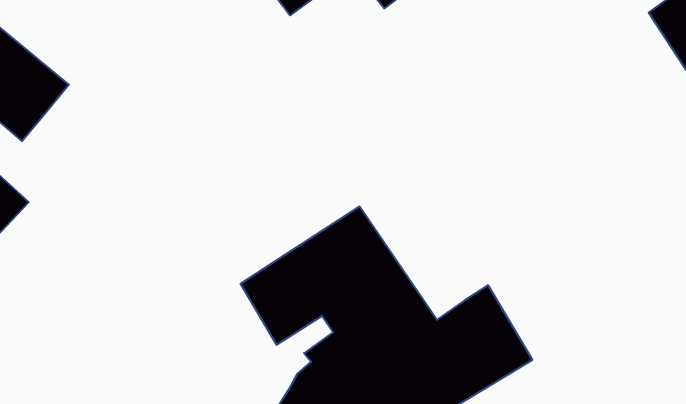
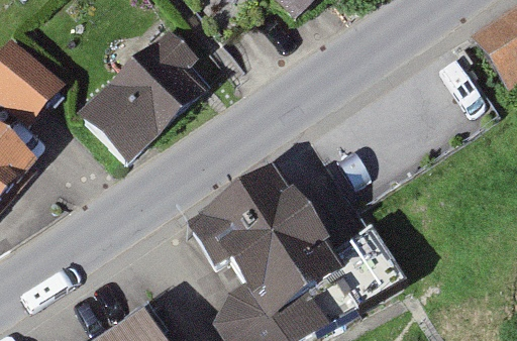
building: none -> [78,26,208,161]

